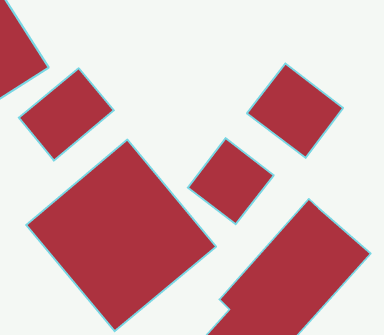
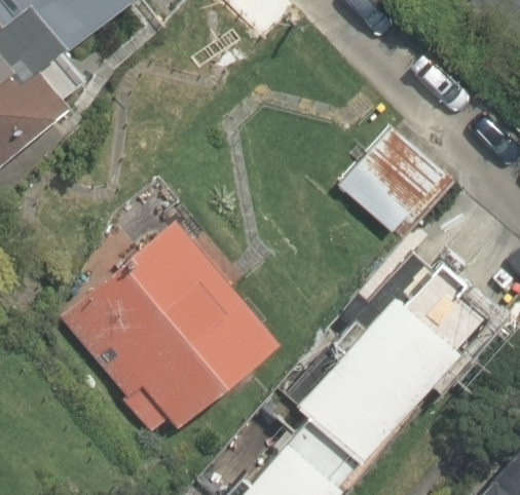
building: [19,68,114,161] -> none
building: [188,138,274,224] -> none

